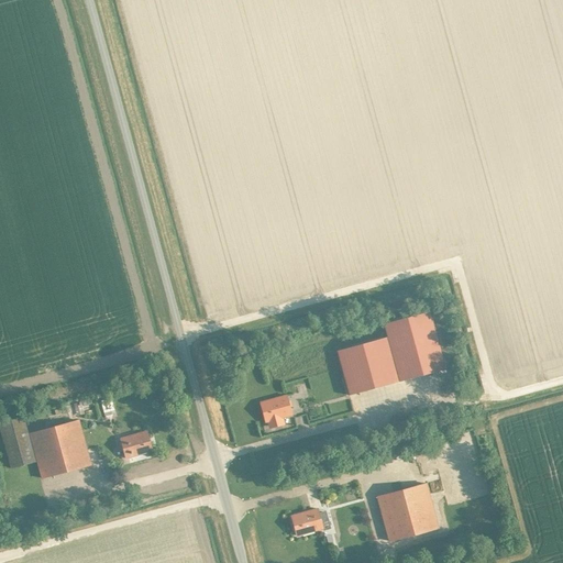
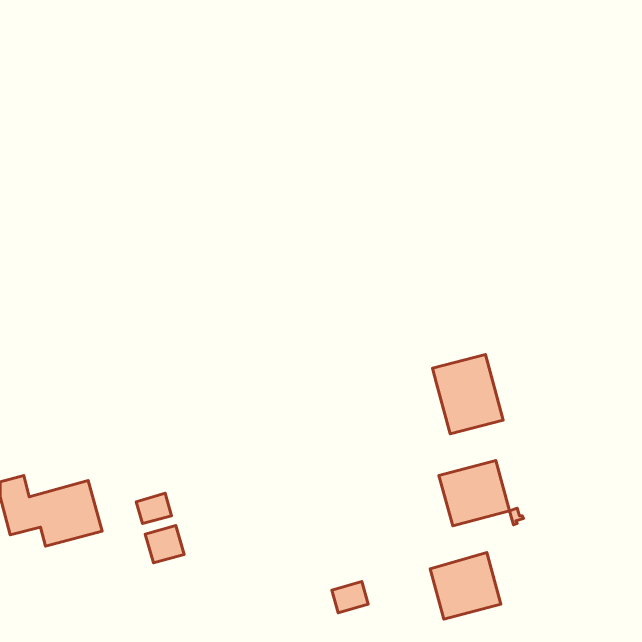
building: [333,336,395,394] -> [439,460,510,526]
building: [261,396,291,428] -> none
building: none -> [145,526,184,563]

